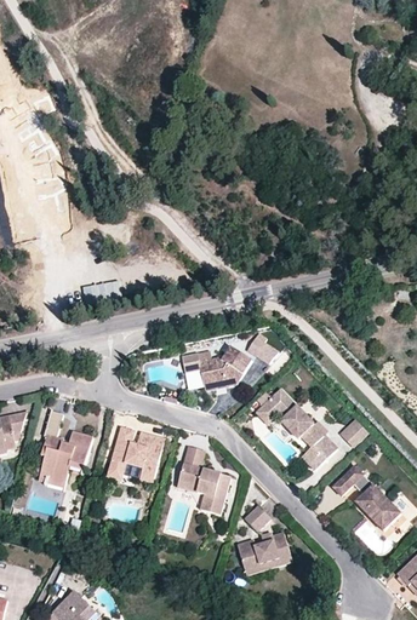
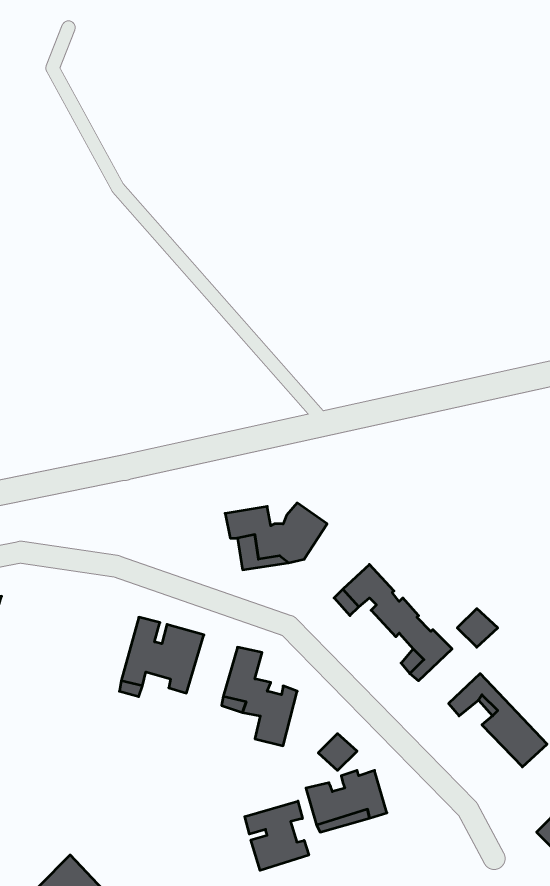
building: [247,333,281,364] -> none
building: [39,409,93,501] -> none
building: none -> [245,801,309,870]

